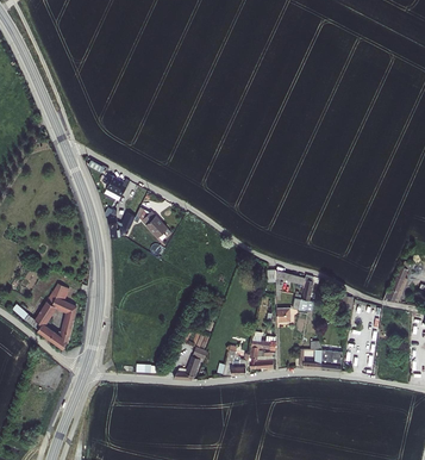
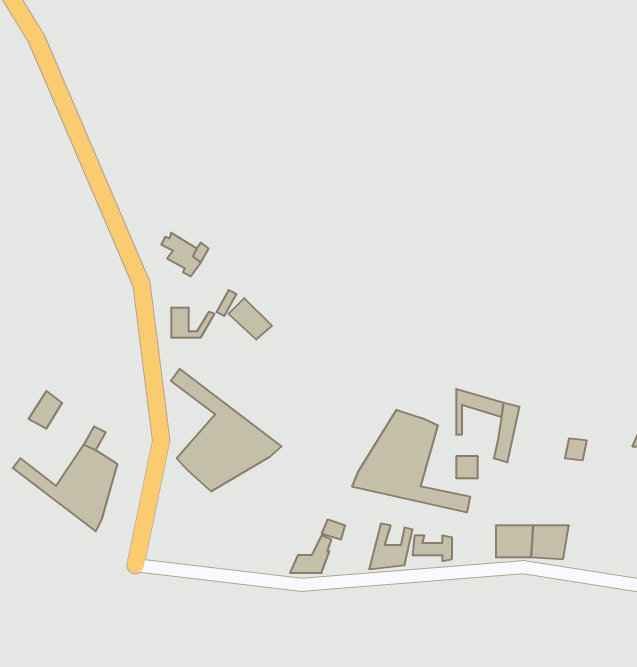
building: none -> [171,369,282,491]
building: none -> [352,410,470,512]

